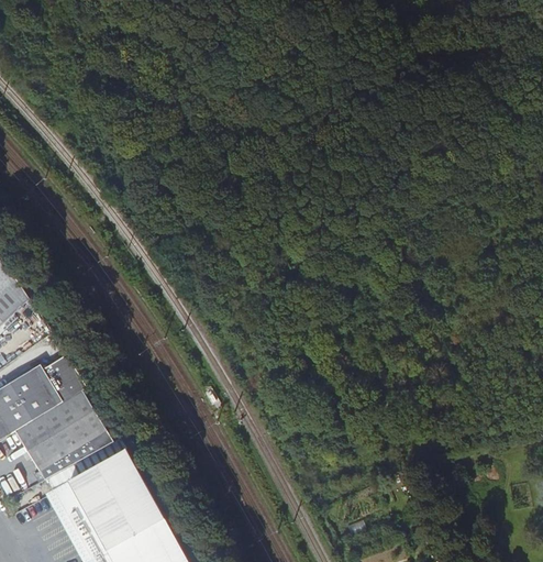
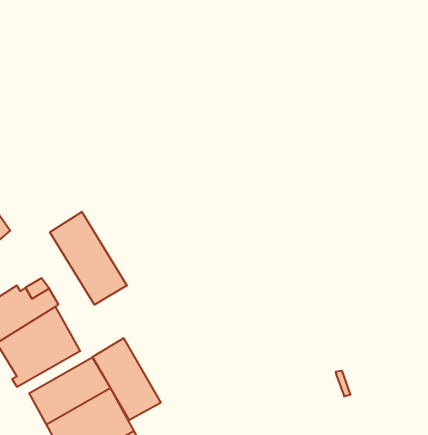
building: none -> [50,212,127,305]
building: none -> [93,338,161,420]

